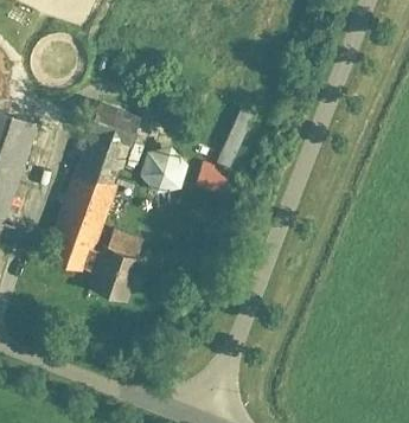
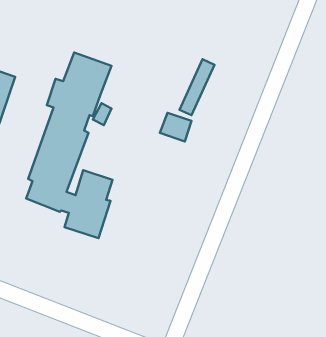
building: [140,148,187,193] -> none

